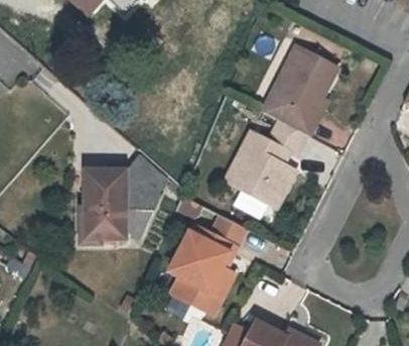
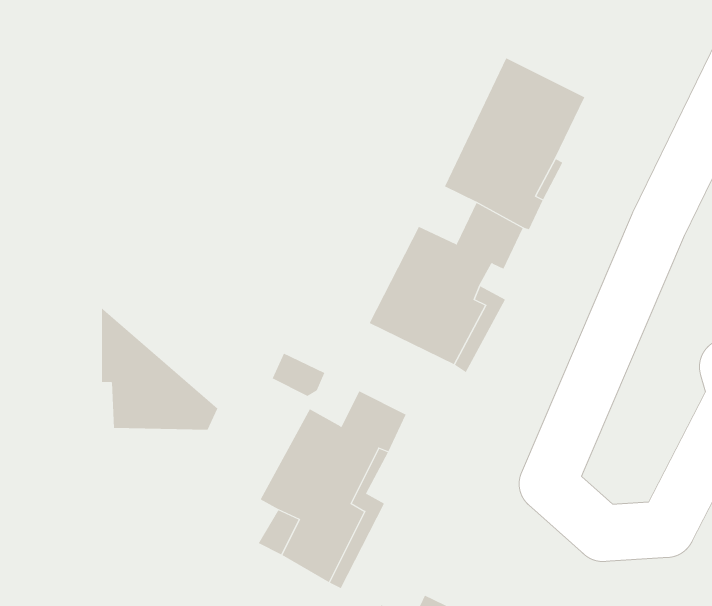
building: [91,154,171,226] -> none

